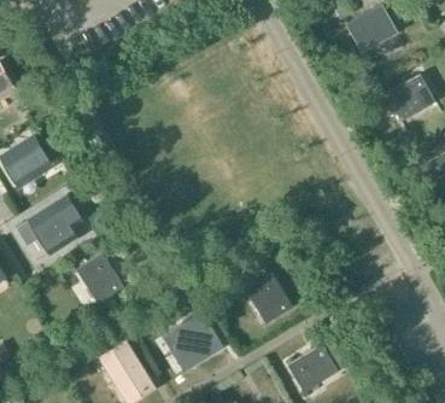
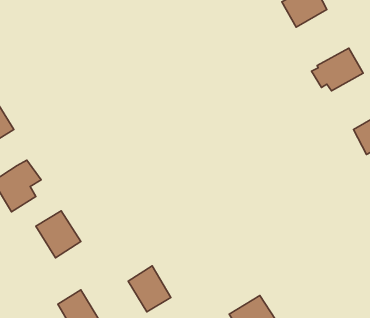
building: [246,273,293,323] -> none

